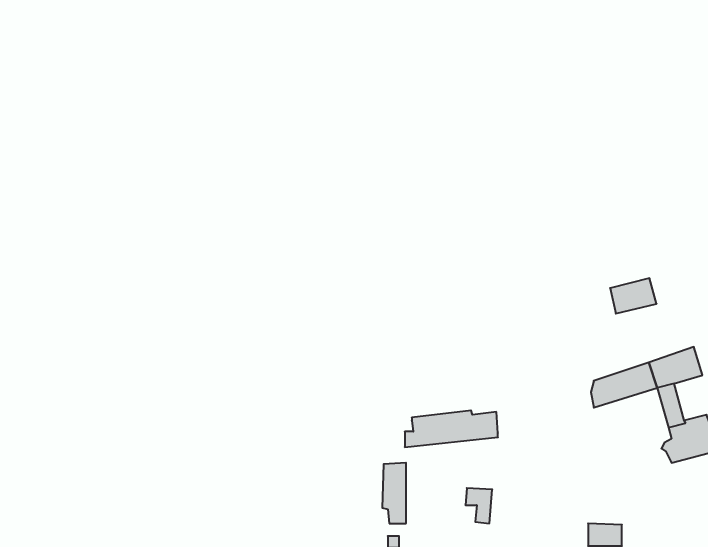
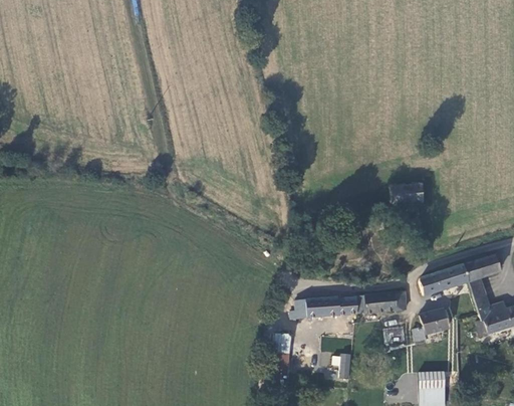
building: [610,278,657,314] -> [391,181,424,206]
building: none -> [353,291,406,314]
building: none -> [415,310,451,340]
building: none -> [384,326,406,345]

